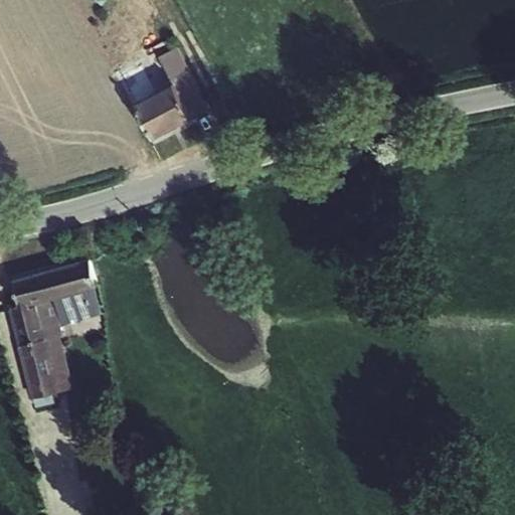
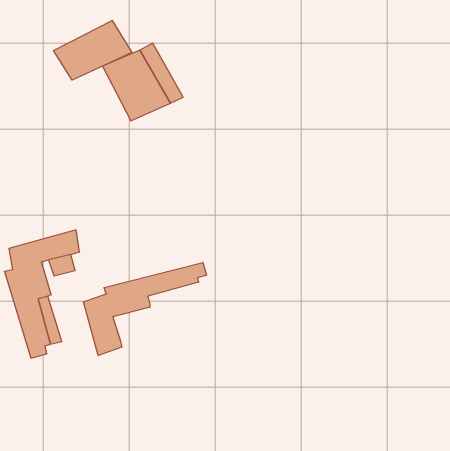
building: none -> [54,20,132,80]
building: none -> [83,262,206,356]

